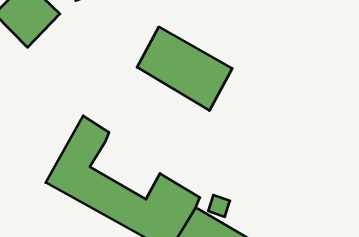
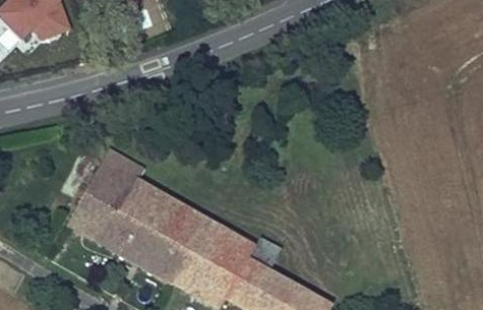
building: [137,27,232,111] -> none
building: none -> [118,173,203,244]

